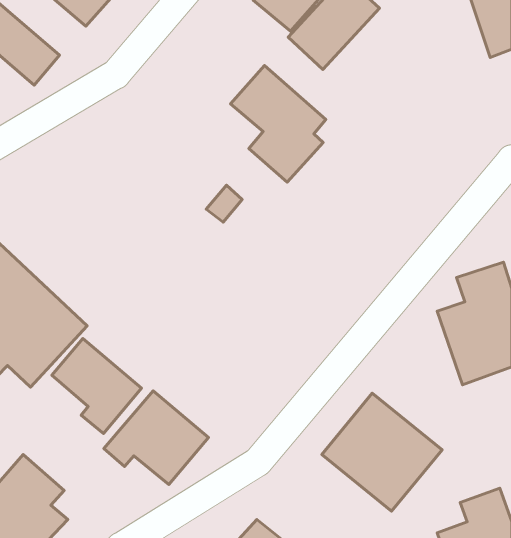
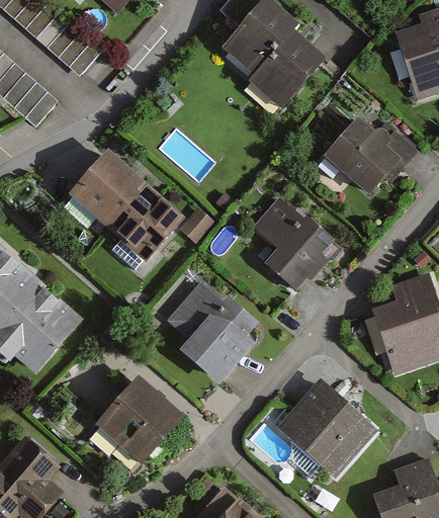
building: [231,65,326,182] -> [251,194,331,292]
building: none -> [325,120,403,197]
building: none -> [67,151,183,262]
building: none -> [167,282,256,386]
building: [52,339,141,434] -> none

